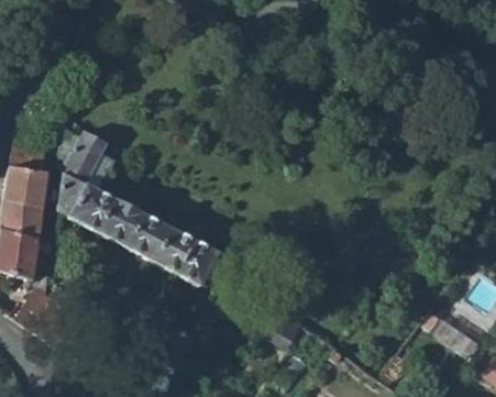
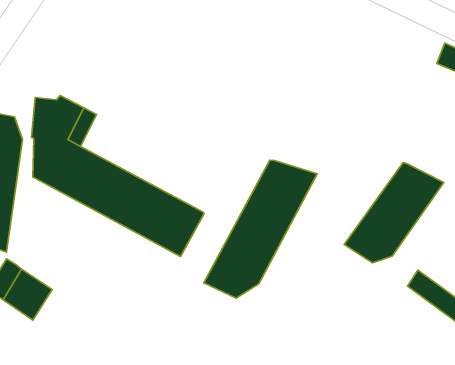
building: none -> [204,160,317,298]
building: none -> [344,162,444,263]

